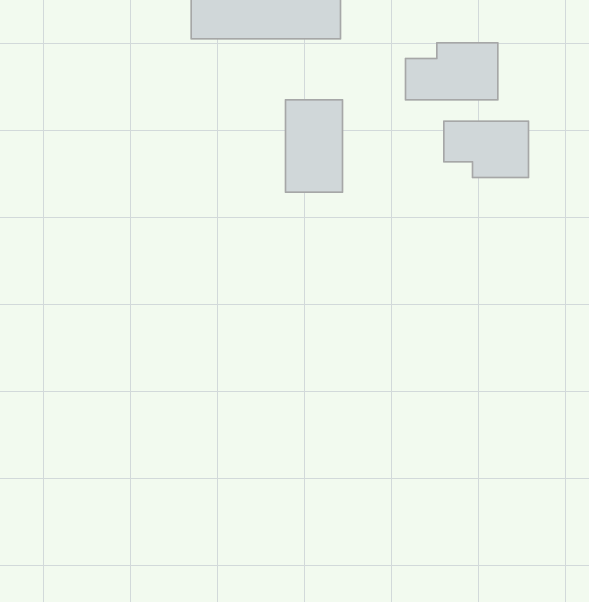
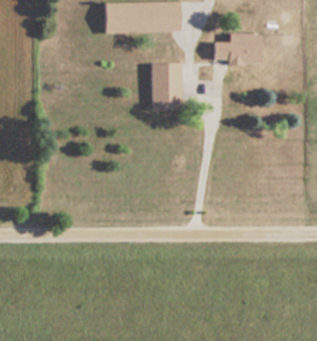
building: [444,121,529,177] -> none

